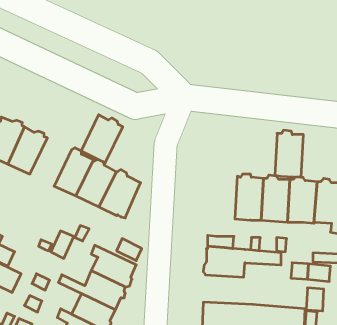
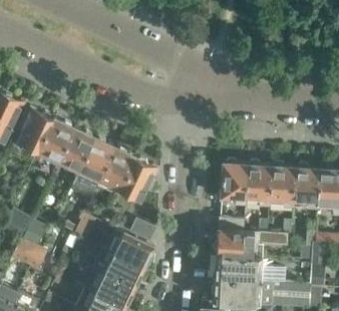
building: [81,115,123,163] -> [56,129,94,174]
building: [275,130,303,177] -> [220,161,246,204]
building: none -> [215,255,261,282]

